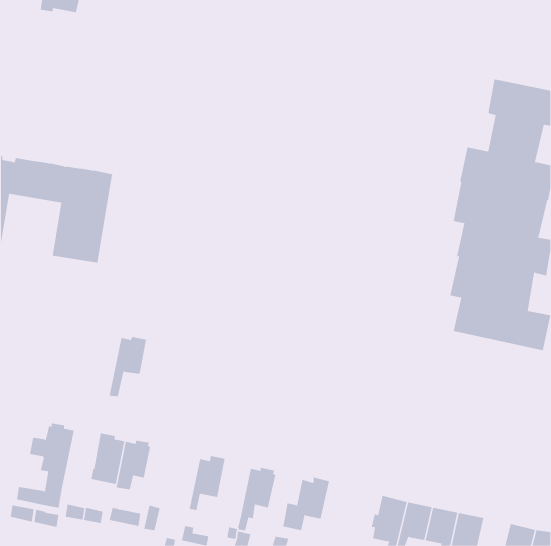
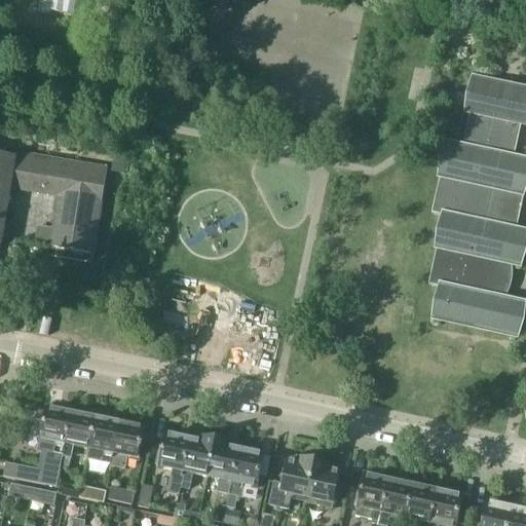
building: [109,336,147,397] -> [60,409,96,466]
building: none -> [155,428,190,492]
building: none -> [208,437,238,490]
building: none -> [305,458,339,505]

